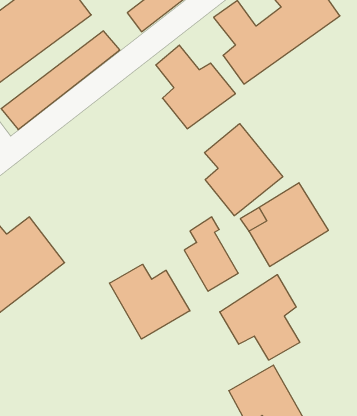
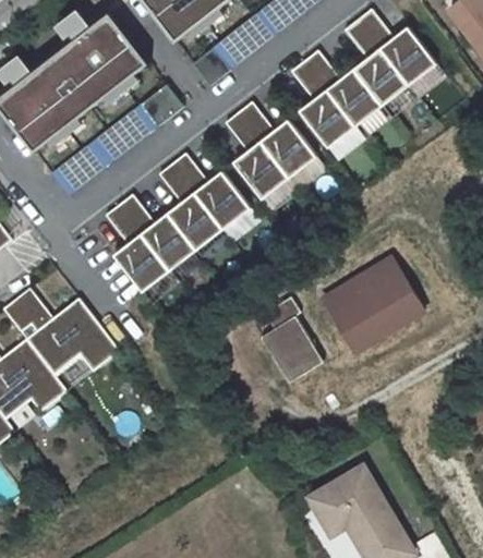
building: none -> [105,150,251,292]
building: [205,124,283,216] -> none
building: [109,264,190,339] -> none
building: [220,275,300,360] -> none

